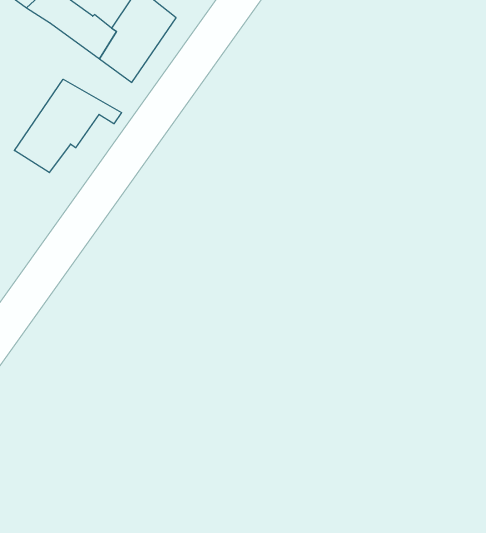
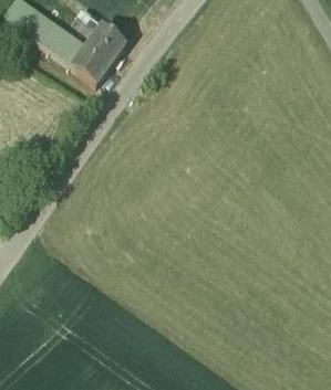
building: [14,79,122,173] -> none

